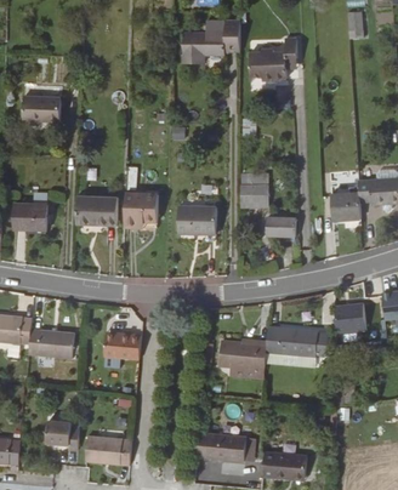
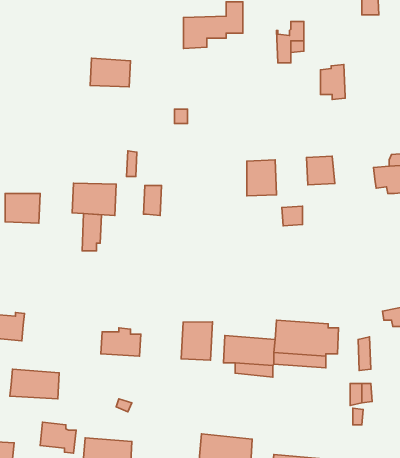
building: [245,52,268,85] -> [321,65,345,100]
building: [23,95,61,121] -> [90,58,130,87]
building: [331,193,358,220] -> [306,156,335,185]
building: [125,196,143,232] -> [82,213,102,251]
building: [180,209,215,241] -> none
building: [332,303,364,331] -> none
building: none -> [181,322,213,360]
building: [27,329,73,357] -> [10,369,59,399]

